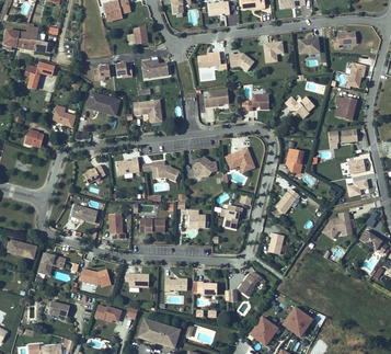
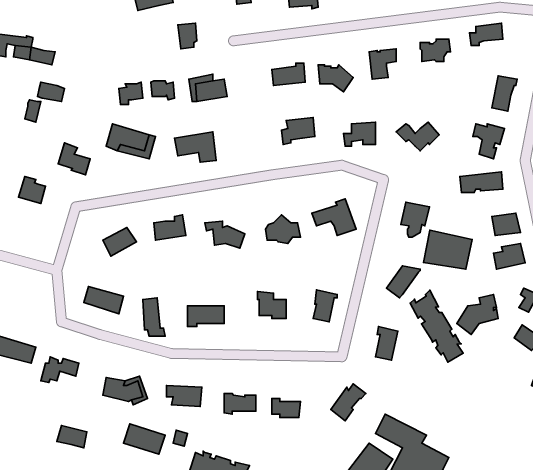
building: none -> [424,230,472,269]
building: none -> [410,290,463,362]

